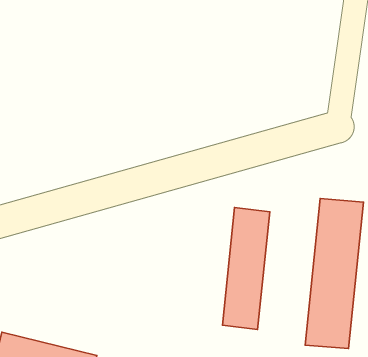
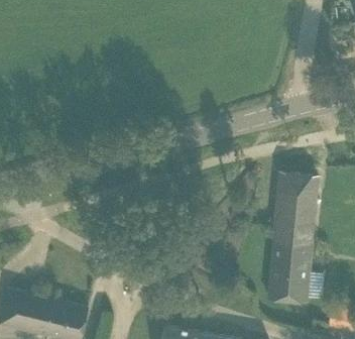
building: [222,207,270,329] -> none

